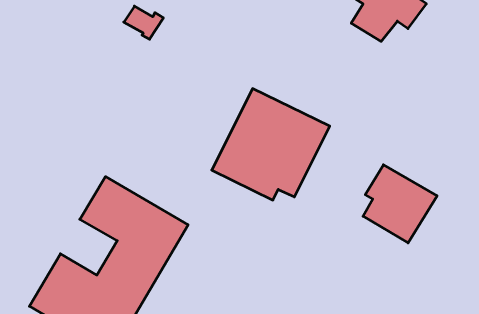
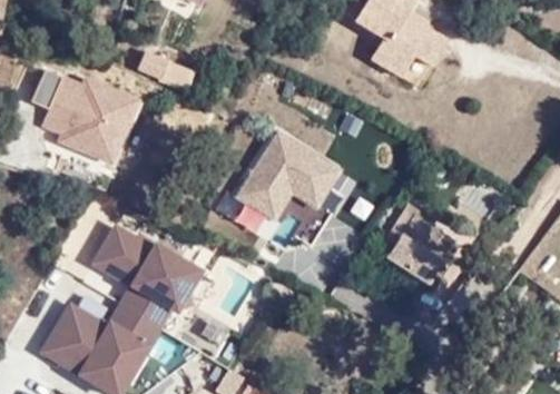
building: none -> [38,71,140,164]

